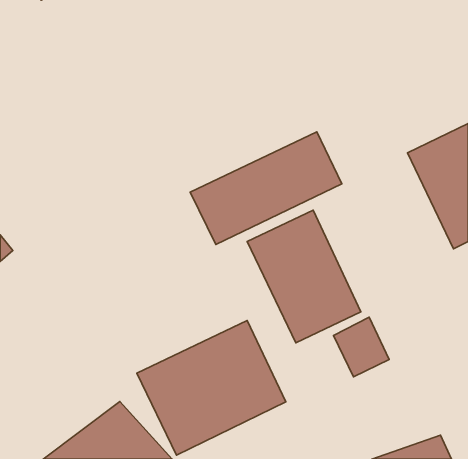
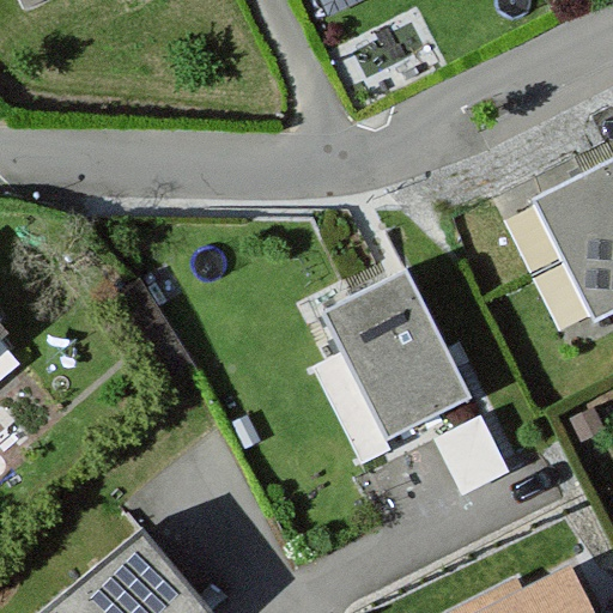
building: [190,132,342,245] -> none
building: [137,321,286,455] -> none

